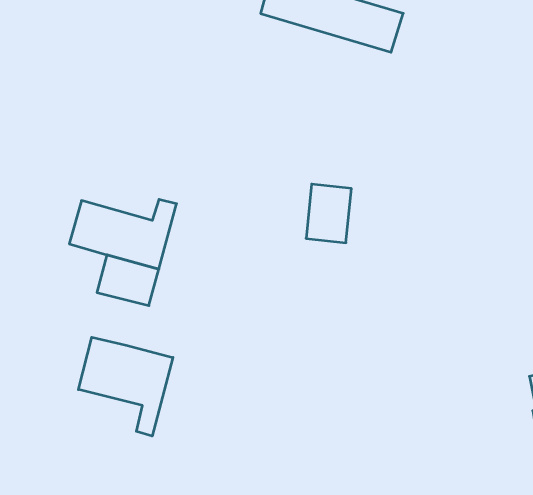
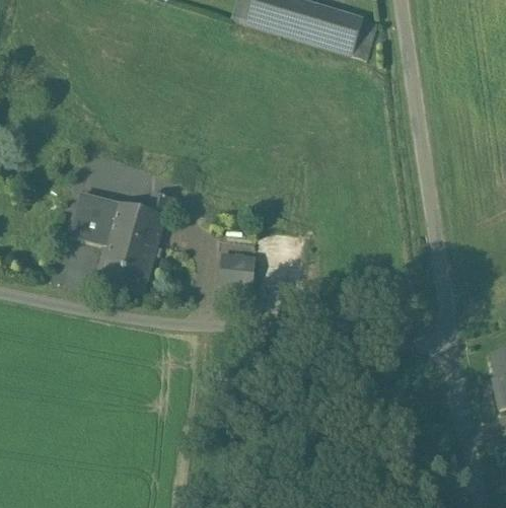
building: [306,184,351,243] -> [213,237,255,291]
building: [78,337,173,436] -> none

